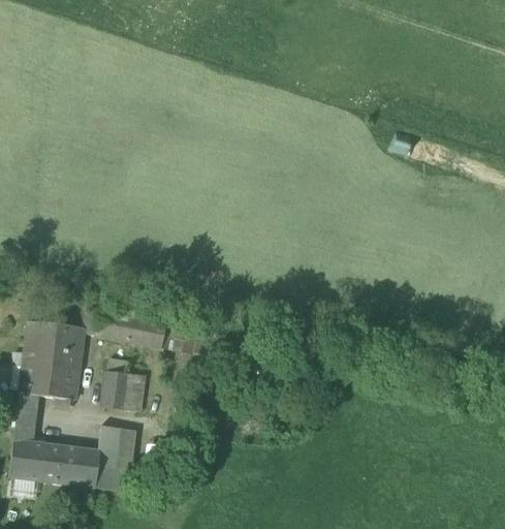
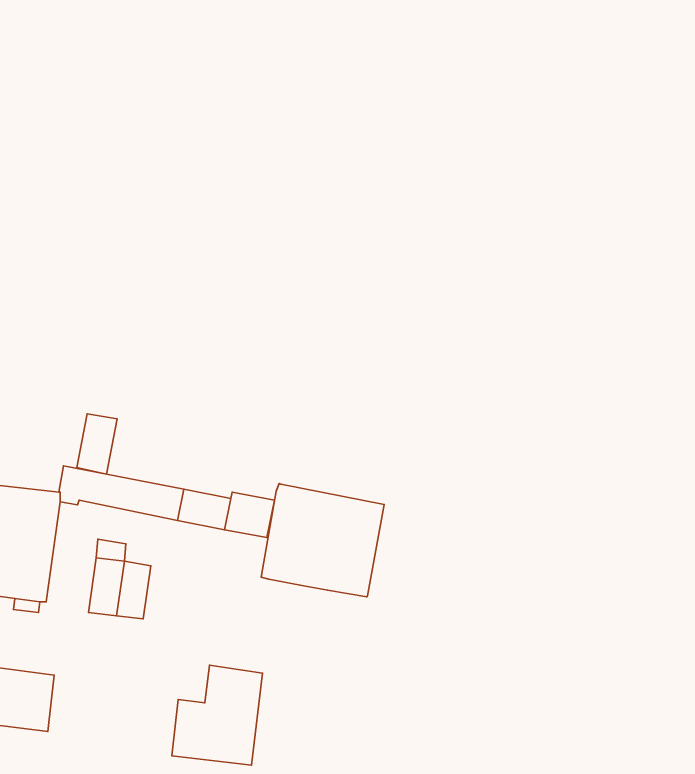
building: none -> [77,414,117,474]
building: none -> [261,483,384,597]
building: [76,425,136,491] -> [172,665,263,765]

